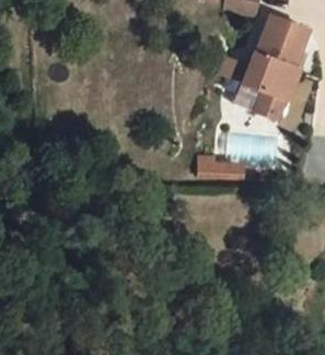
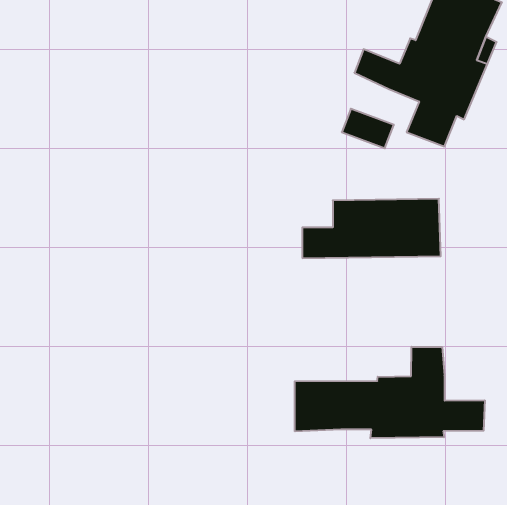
building: none -> [295,347,485,438]

